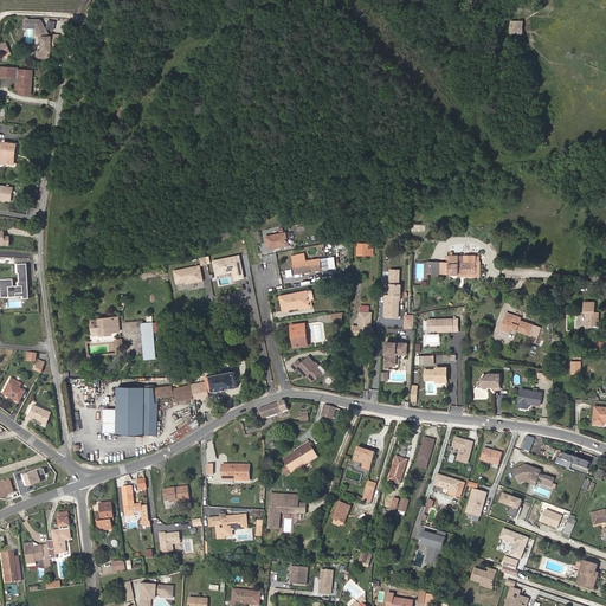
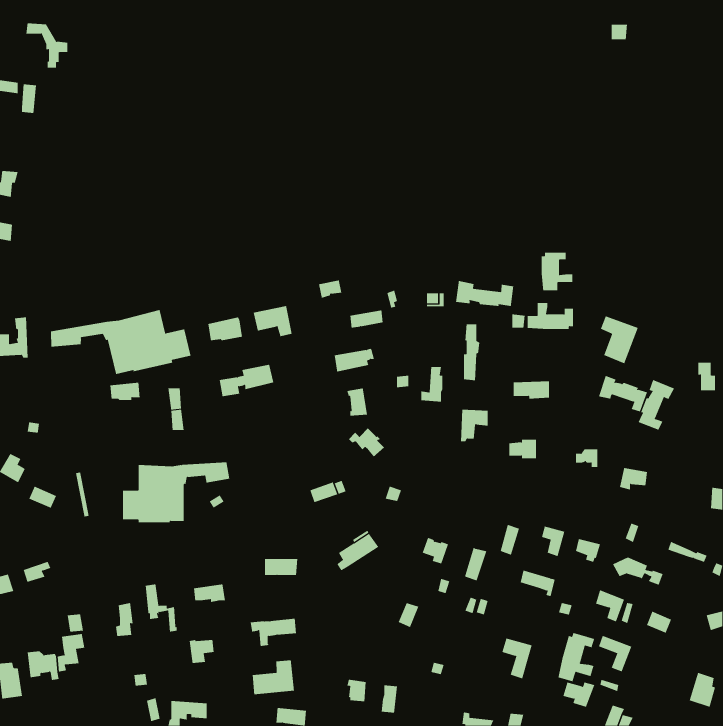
building: none -> [541,252,573,291]
building: none -> [455,280,514,307]
building: none -> [51,309,191,375]
building: none -> [600,315,638,364]
building: none -> [638,379,675,431]
building: [189,372,236,399] -> [219,364,274,397]
building: [267,494,297,529] -> none
building: none -> [558,632,595,682]
building: none -> [252,659,295,695]

